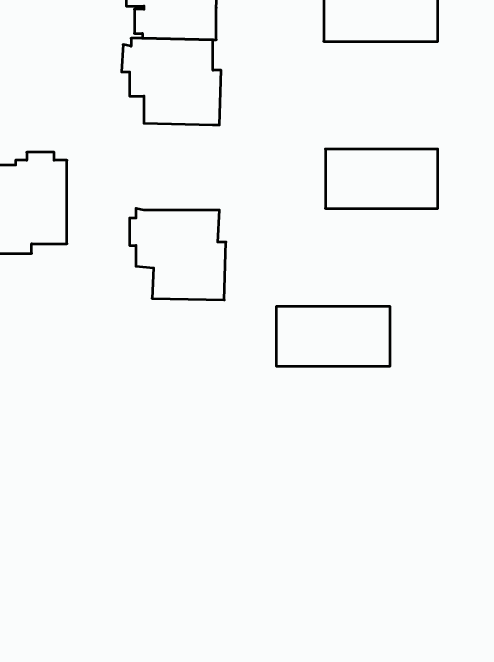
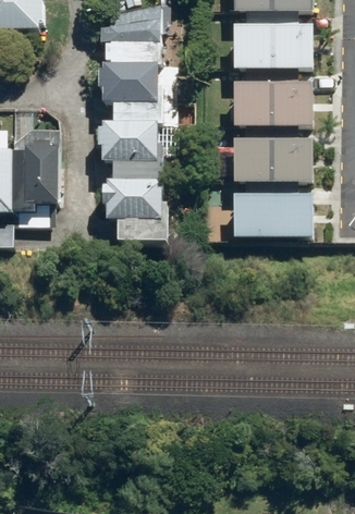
building: none -> [234,81,311,122]
building: none -> [98,121,163,180]
building: [276,307,390,366] -> [234,195,311,235]

